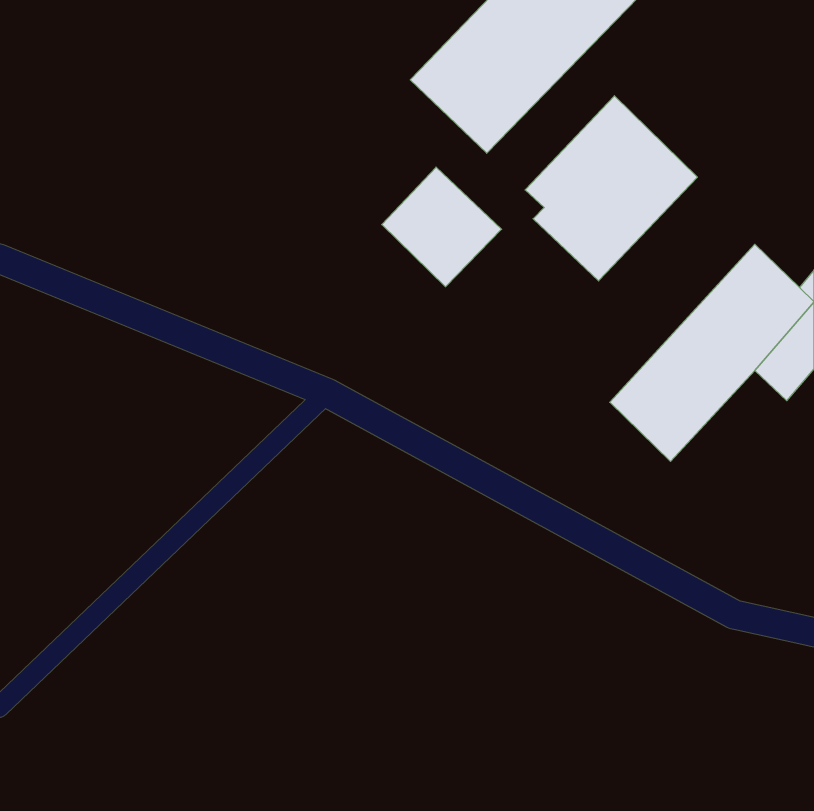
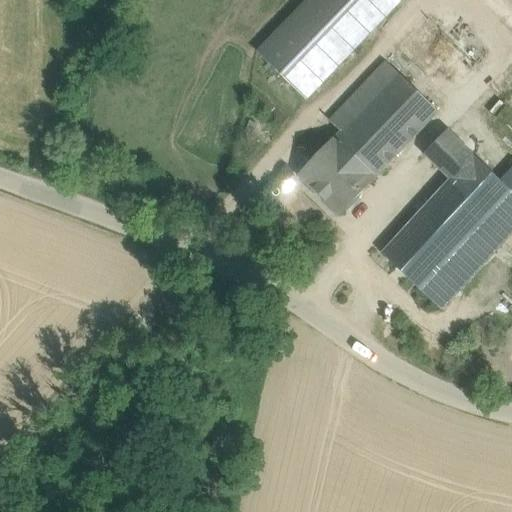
building: [382,167,502,287] -> [300,137,375,212]
building: none -> [424,128,473,178]
building: none -> [420,232,493,308]

